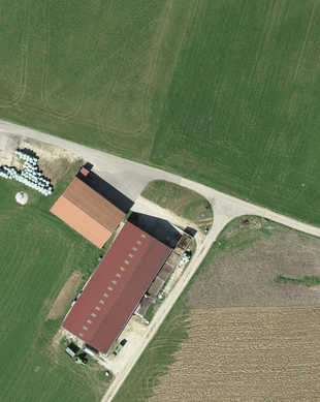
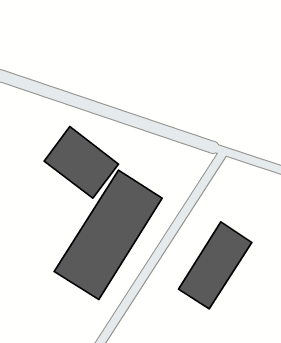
building: none -> [178,222,252,309]

